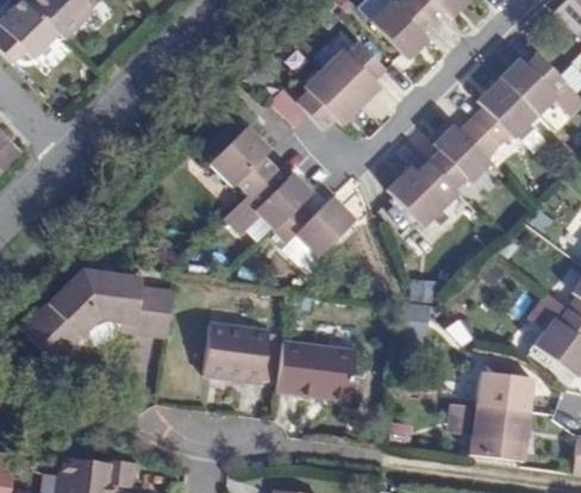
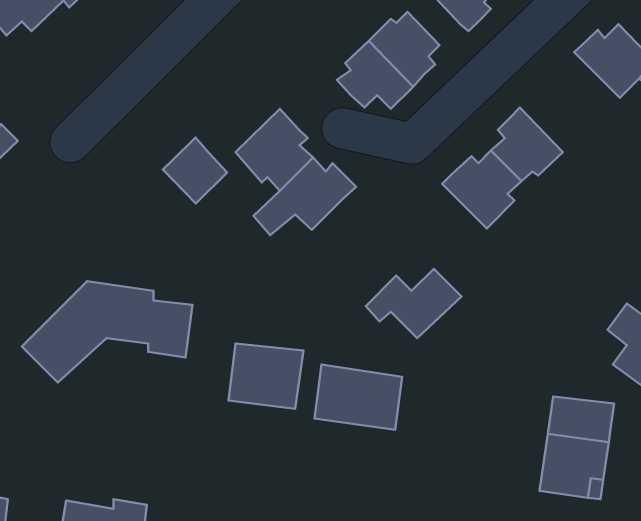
building: [461,75,539,155] -> none
building: none -> [163,138,227,203]
building: [275,195,357,255] -> [366,269,461,338]

